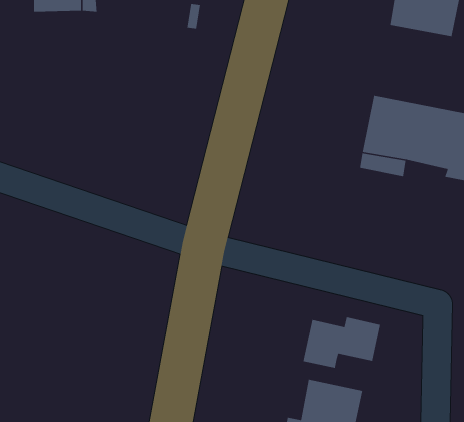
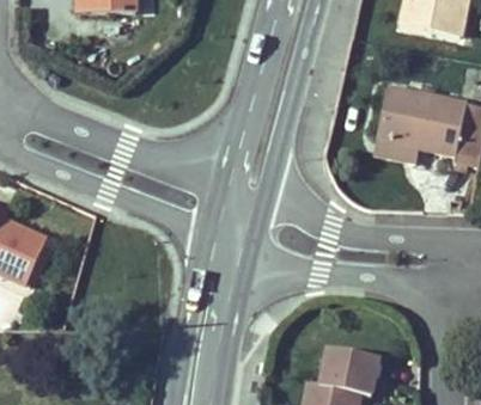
building: [303,316,381,369] -> none

